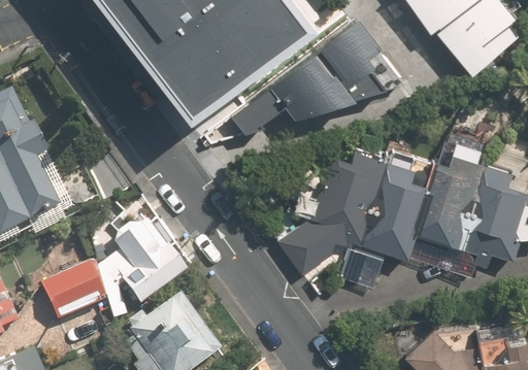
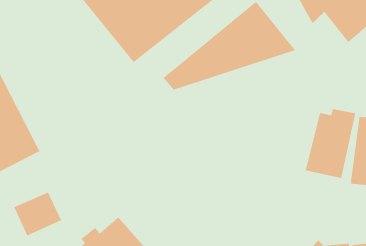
building: [278,154,382,278] -> none
building: [360,164,427,258] -> none
building: [112,217,184,309] -> none

